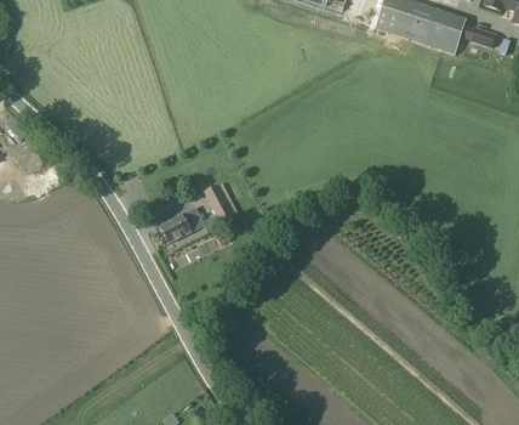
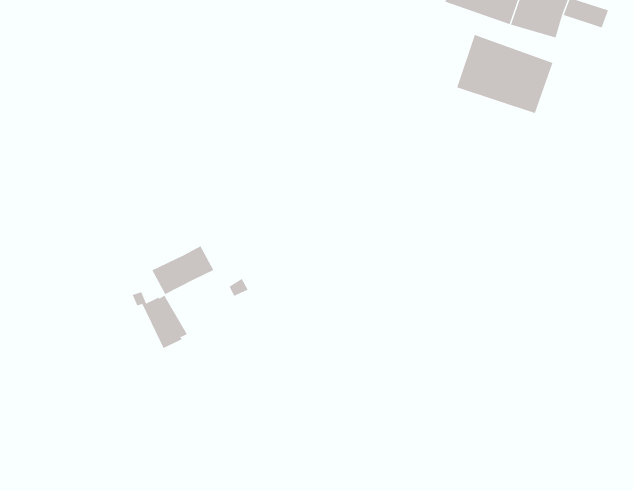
building: none -> [456,34,553,114]
building: [196,180,238,222] -> [132,291,188,349]

